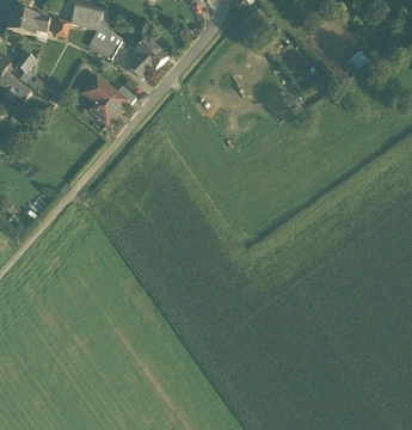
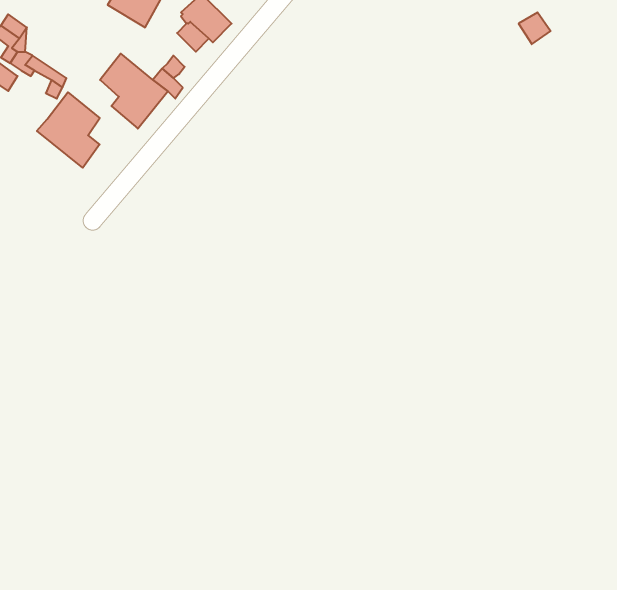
building: none -> [37,92,100,168]

